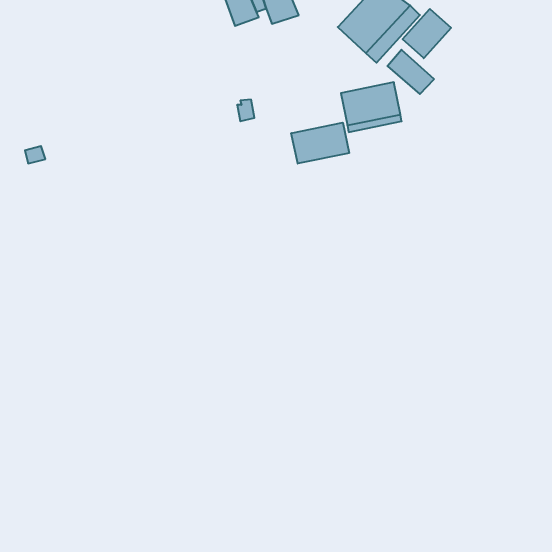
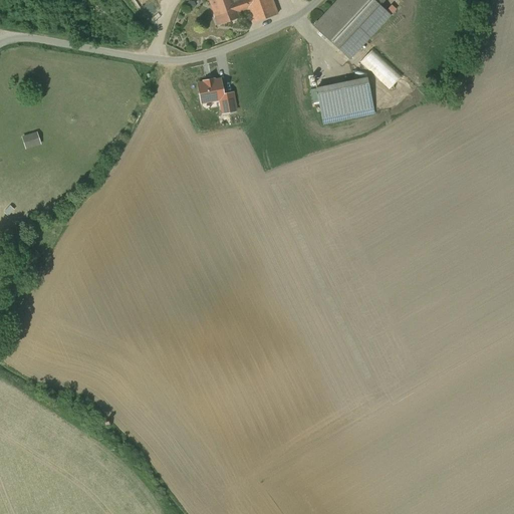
building: [403,9,451,58] -> none
building: none -> [199,78,225,101]
building: [291,123,349,164] -> none

